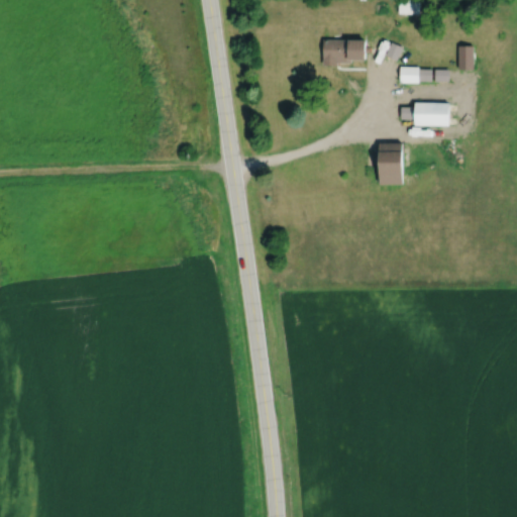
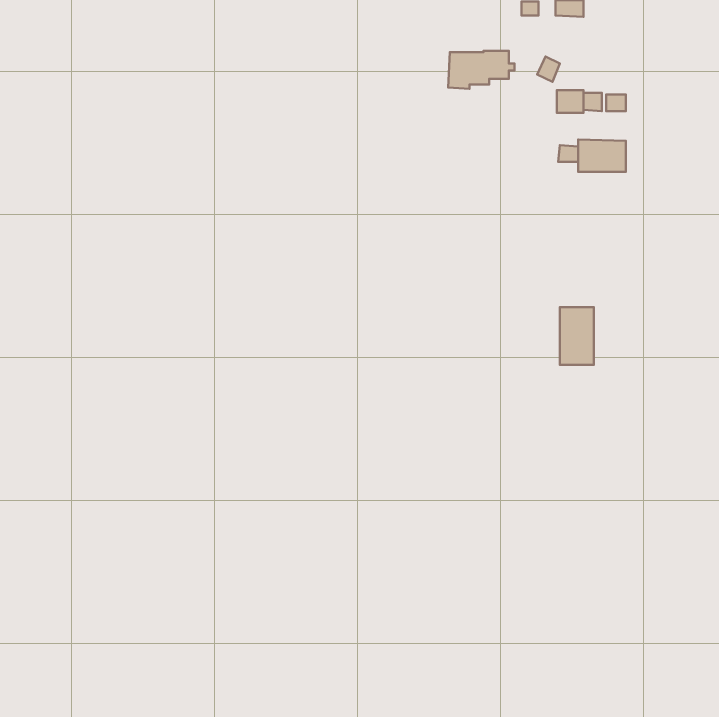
building: [458,45,474,70] -> none
building: [379,143,403,185] -> [560,307,594,365]

